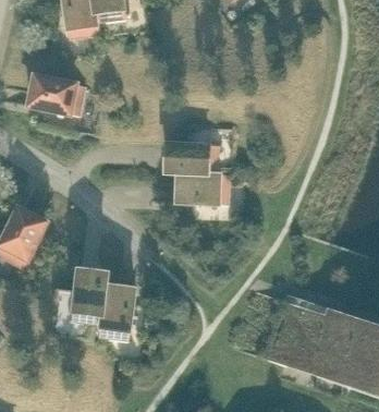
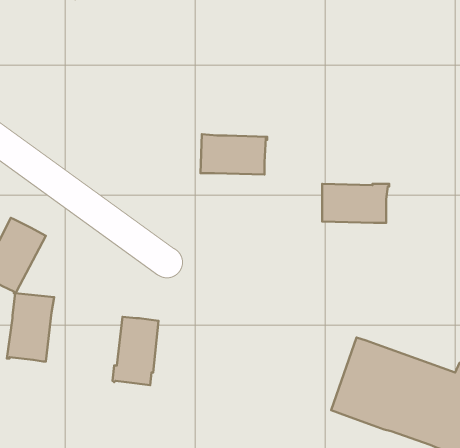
building: [29,75,85,114] -> none
building: [178,173,230,204] -> [322,184,389,223]
building: [71,270,108,324] -> [7,293,54,361]

